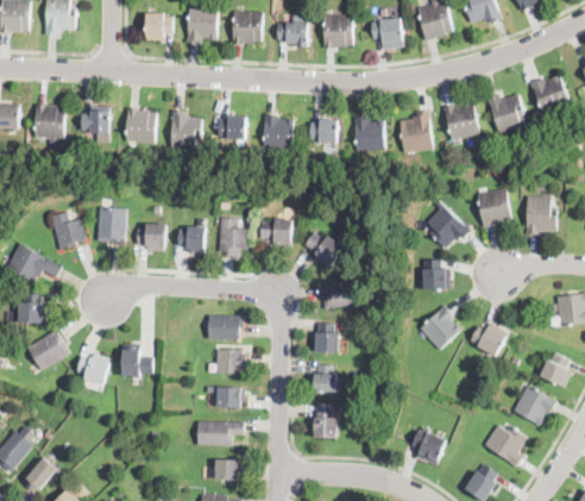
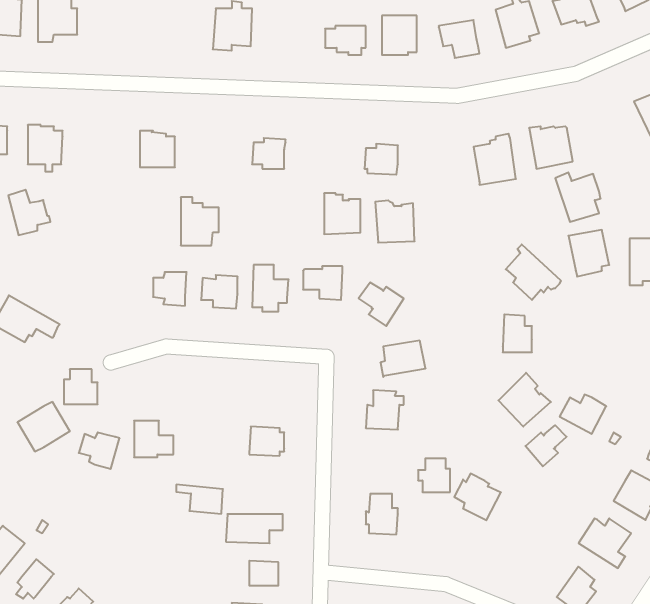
building: [232,12,262,43] -> none
building: [145,13,175,40] -> none
building: [486,93,523,133] -> [555,172,601,222]
building: [81,108,109,139] -> none
building: [170,109,201,149] -> [181,197,219,245]
building: [263,114,292,148] -> [324,193,360,234]
building: [353,117,385,151] -> [375,200,415,243]
building: [96,207,125,243] -> none
building: [50,212,84,249] -> [8,190,50,235]
building: [18,294,45,322] -> [64,369,98,404]
building: [207,314,243,340] -> none
building: none -> [525,425,567,466]
building: [309,364,335,392] -> [418,458,450,492]
building: [206,386,244,409] -> [176,485,223,514]
building: [410,425,448,463] -> [454,474,501,520]

